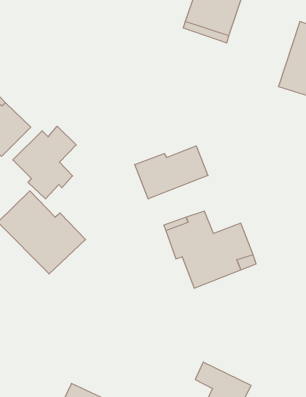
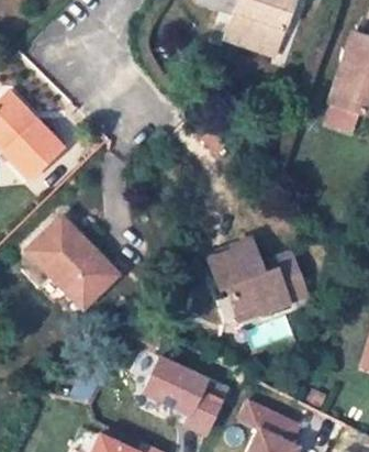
building: [13,126,76,199] -> none
building: [135,146,208,199] -> none
building: none -> [145,357,227,434]

